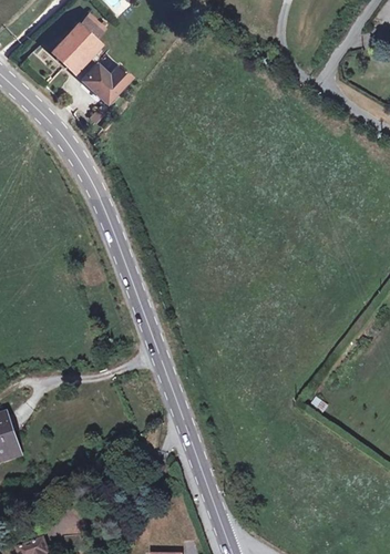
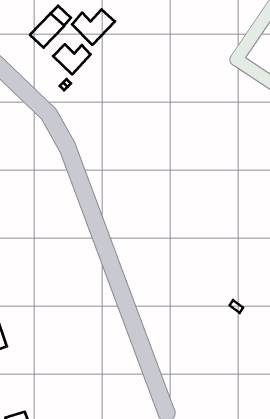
building: none -> [72,9,115,45]

